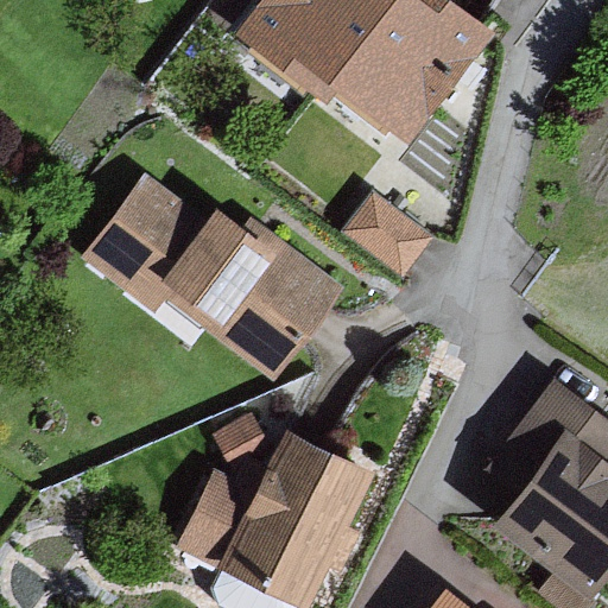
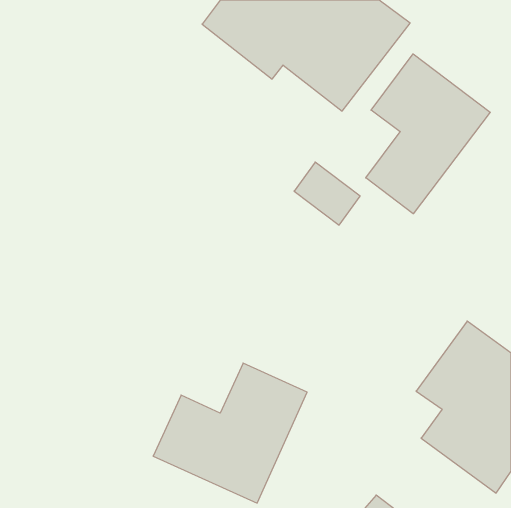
building: none -> [366,54,490,214]
building: [87,179,338,373] -> none

